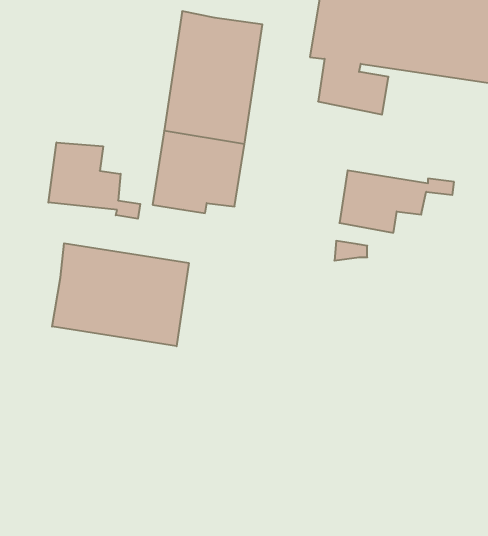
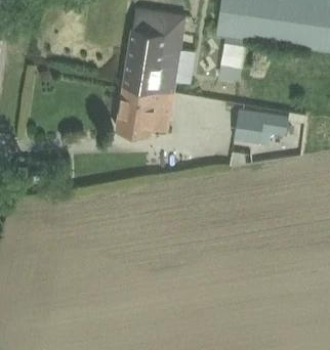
building: [48,142,140,219] -> none
building: [52,243,189,346] -> none

